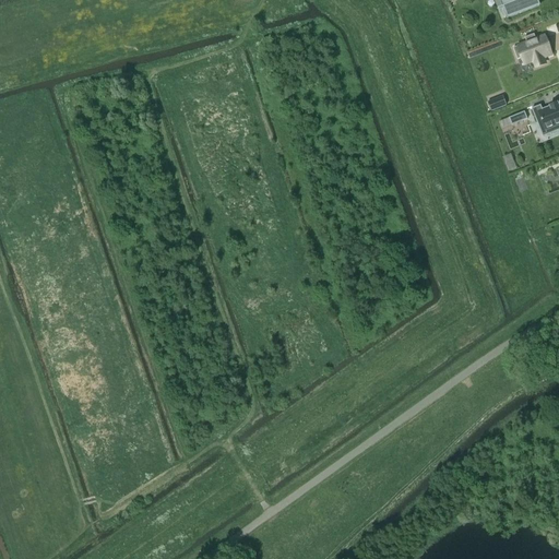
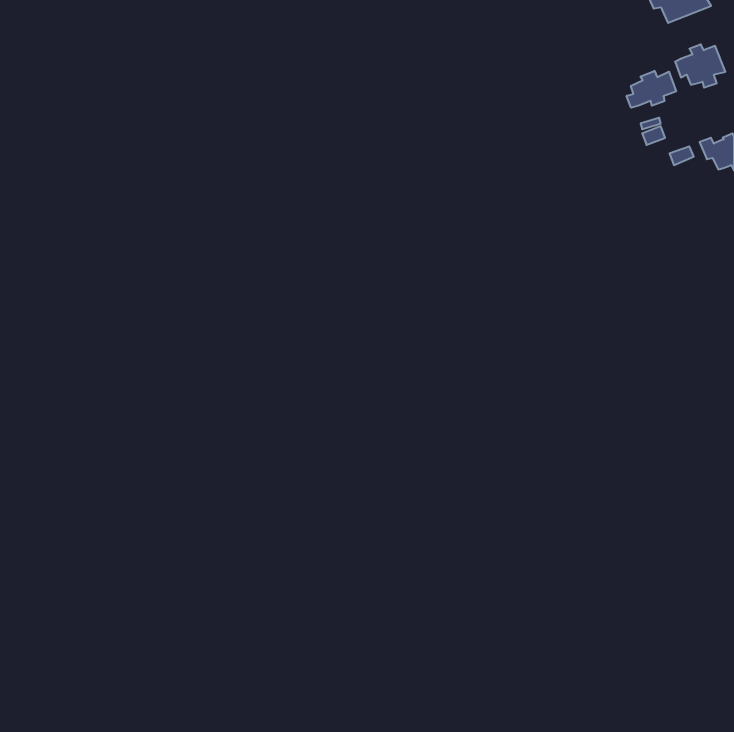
building: none -> [627,71,676,108]

